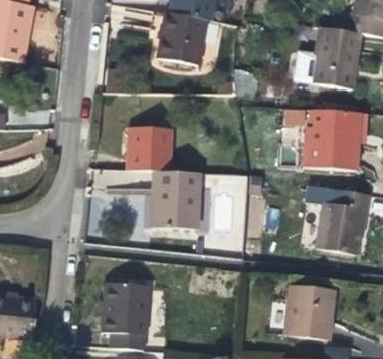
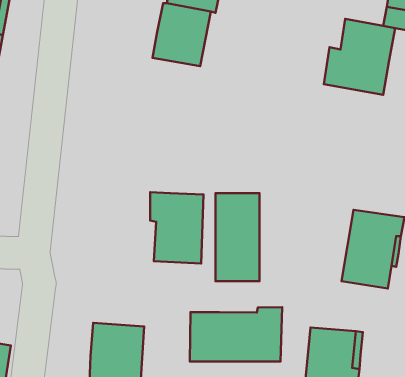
building: [303,109,359,169] -> none
building: [127,128,173,172] -> none
building: none -> [190,307,282,362]

